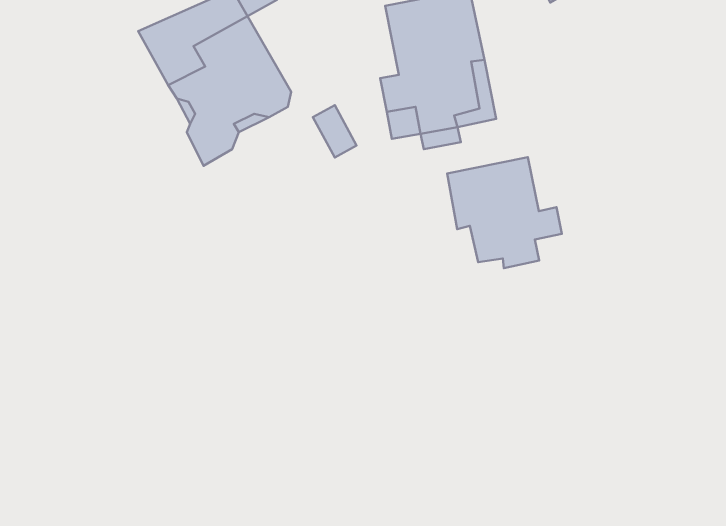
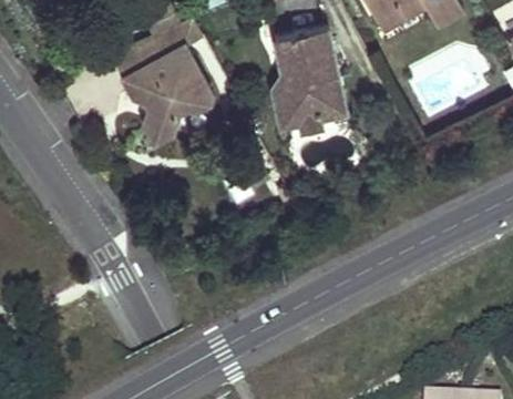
building: [447,157,562,268] -> none

